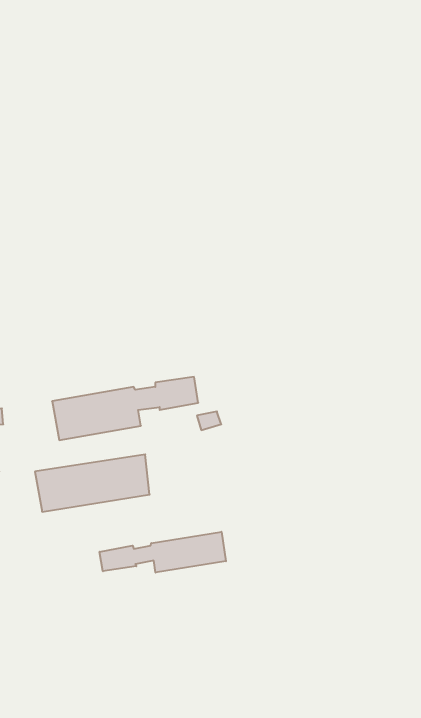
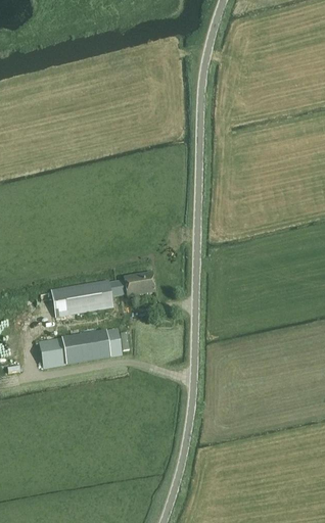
building: [100,532,226,573] -> none

